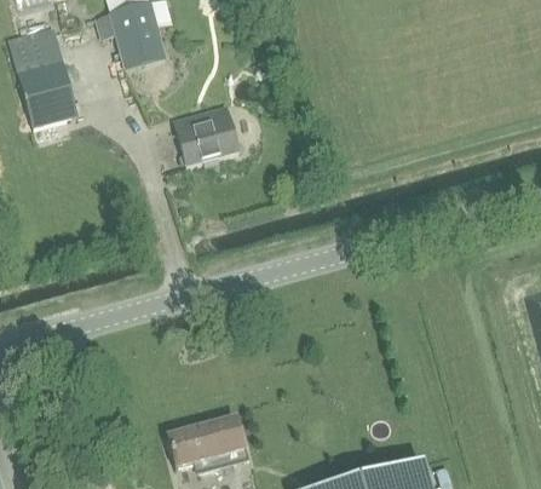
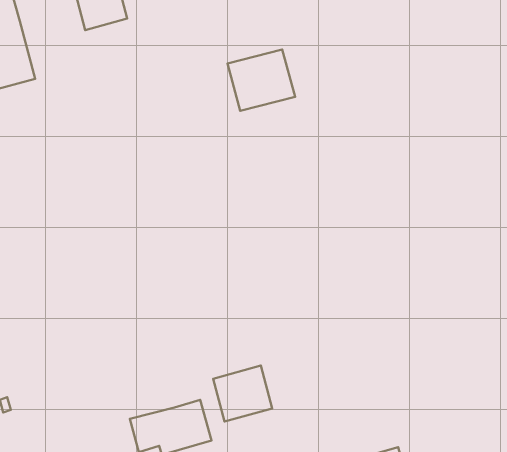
building: [174,105,238,163] -> [227,49,295,111]
building: none -> [213,366,272,422]

